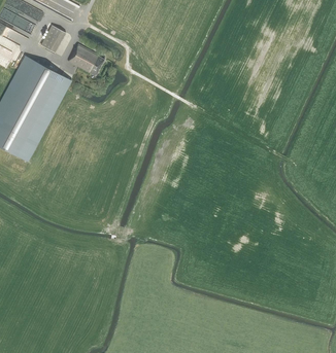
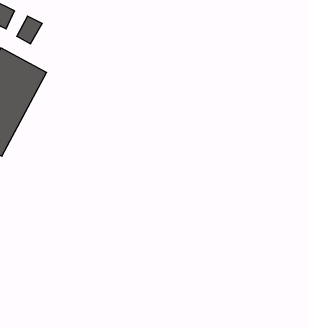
building: [68,43,105,75] -> none

